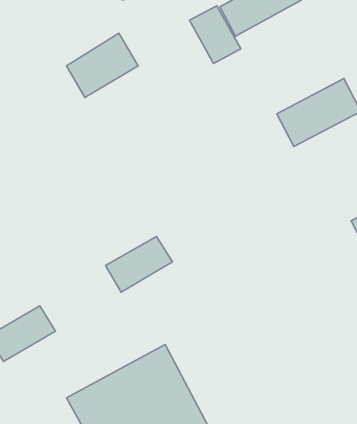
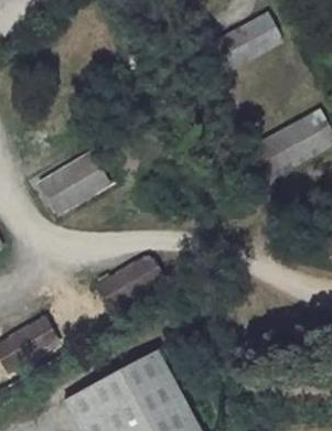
building: [189,6,241,63] -> none
building: [67,33,138,98] -> [43,152,108,211]

